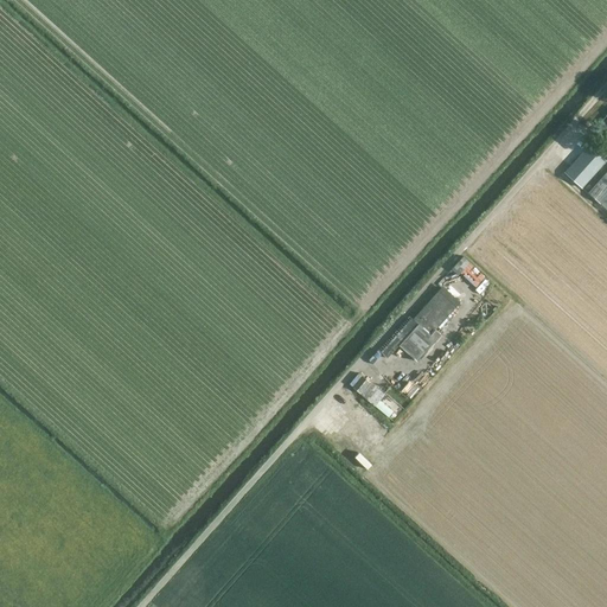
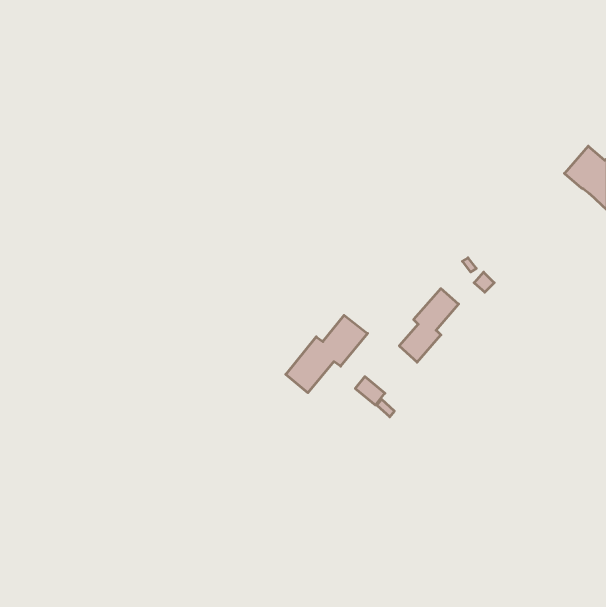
building: none -> [286,315,368,393]

